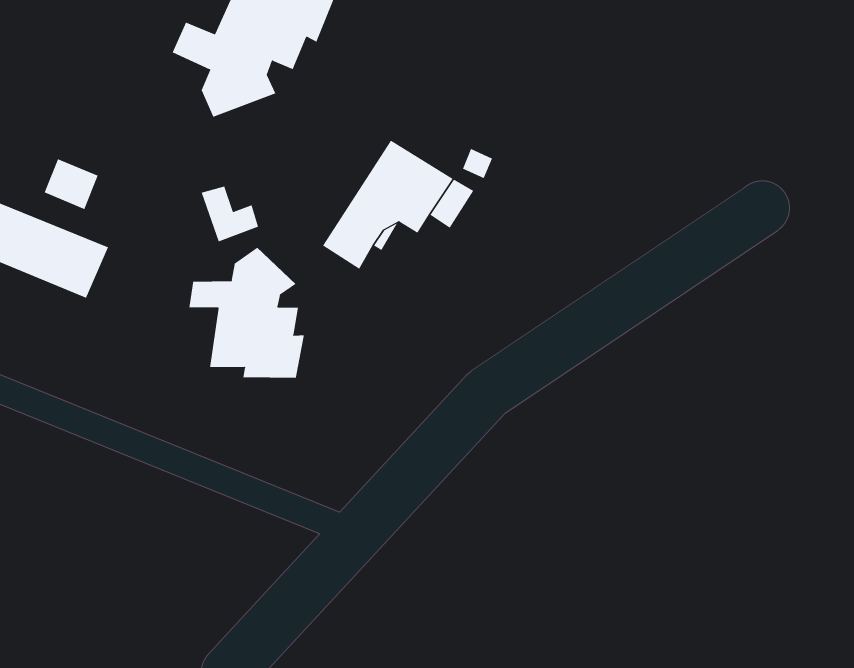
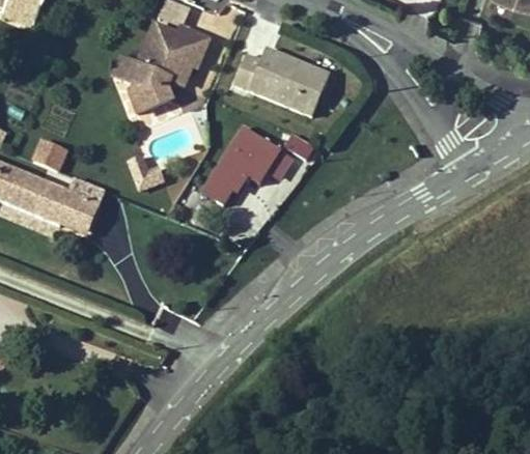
building: none -> [233,48,329,116]
building: [189,247,304,378] -> none
building: none -> [58,192,99,234]

